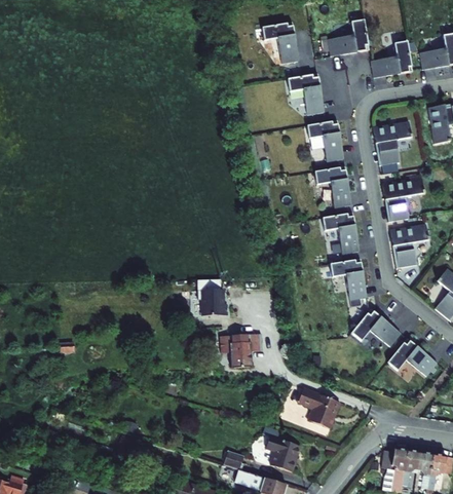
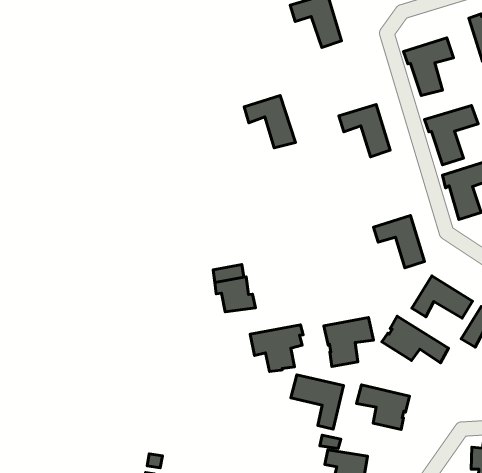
building: [307,120,344,161] -> [244,95,295,148]
building: [323,213,358,254] -> none
building: none -> [324,317,373,366]
building: none -> [382,316,449,363]
building: none -> [291,375,343,429]

